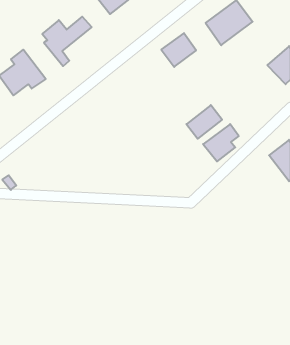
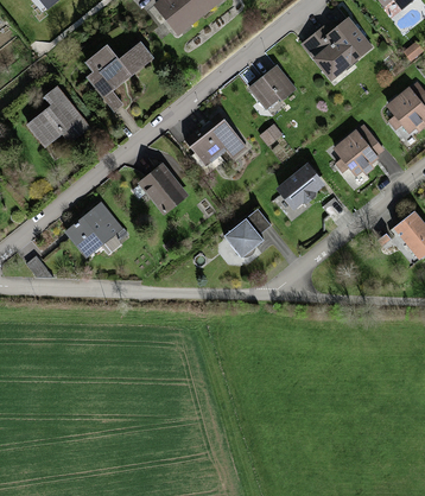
building: none -> [183,113,246,164]
building: none -> [337,127,382,171]
building: none -> [138,165,184,212]
building: [203,124,239,161] -> [223,206,272,257]
building: none -> [64,202,125,255]

